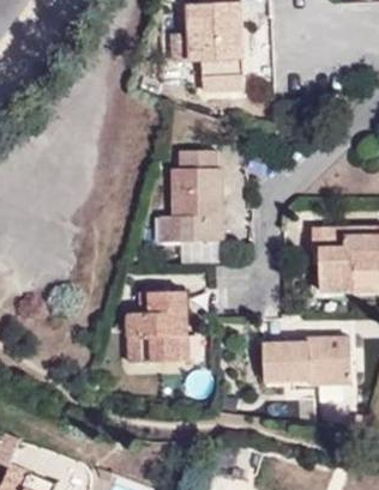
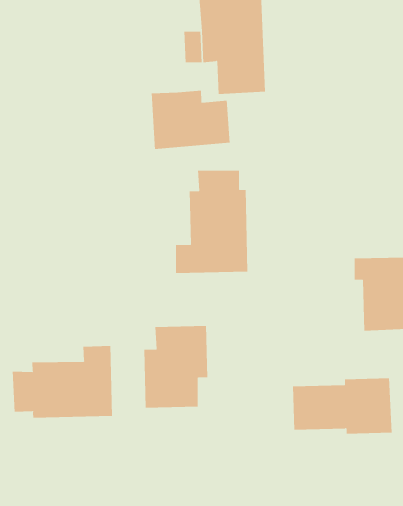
building: none -> [151,90,230,150]
building: none -> [12,345,112,419]

